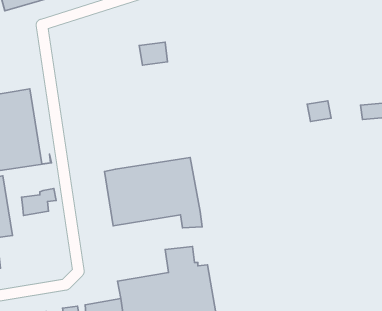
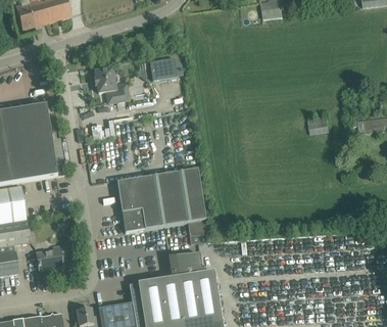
building: none -> [94,67,129,101]
building: [21,188,56,216] -> [37,243,69,269]

